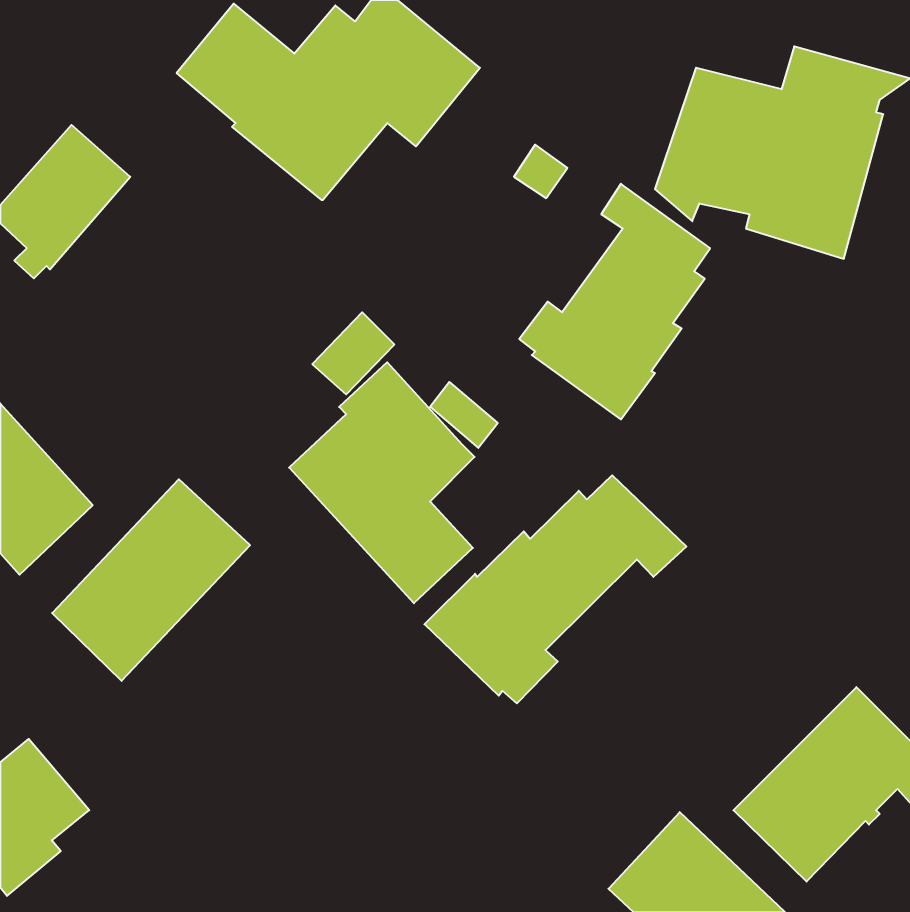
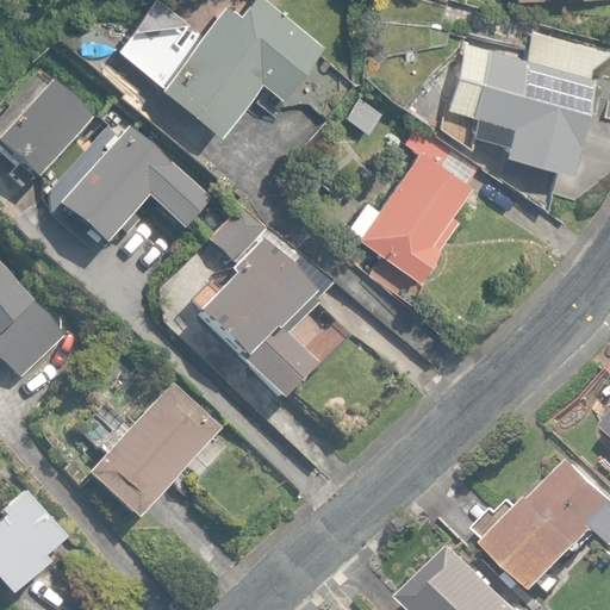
building: none -> [58,127,211,247]
building: [424,475,686,703] -> none
building: [52,479,250,681] -> [88,385,220,519]

